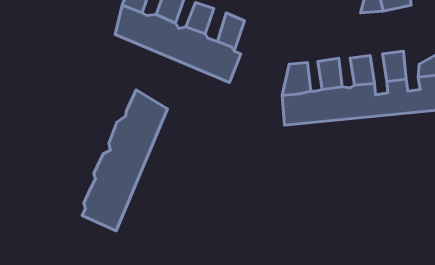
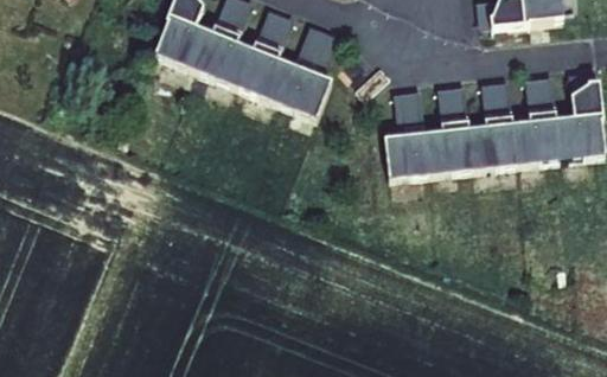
building: [82,90,167,231] -> none

